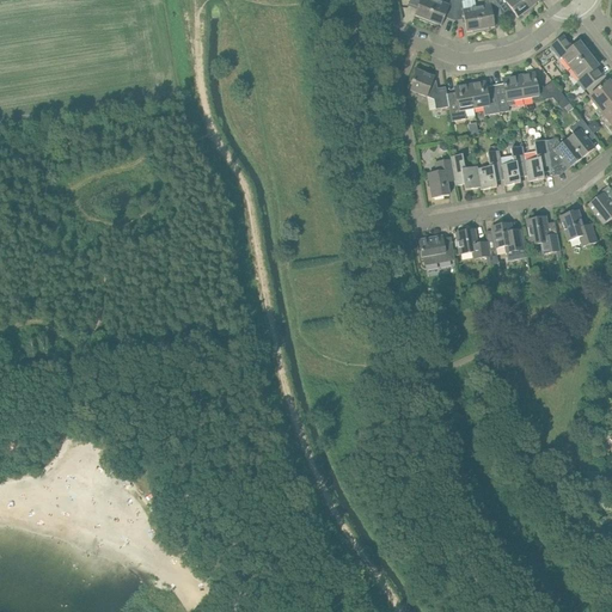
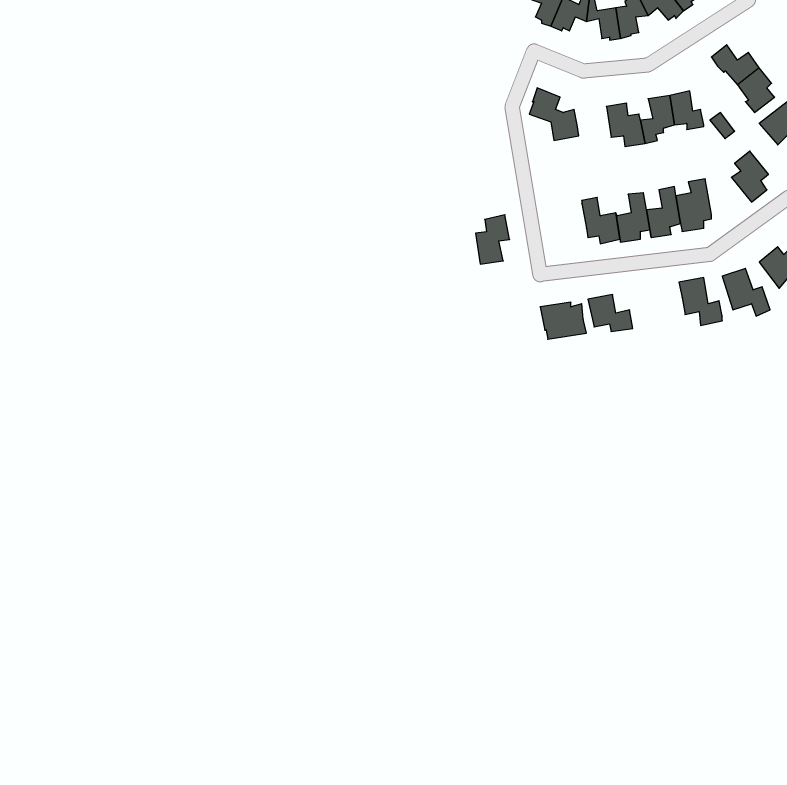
building: [448,82,475,120] -> none
building: [547,137,583,167] -> none
building: [429,158,455,196] -> [476,215,510,264]
building: [492,222,526,259] -> none

